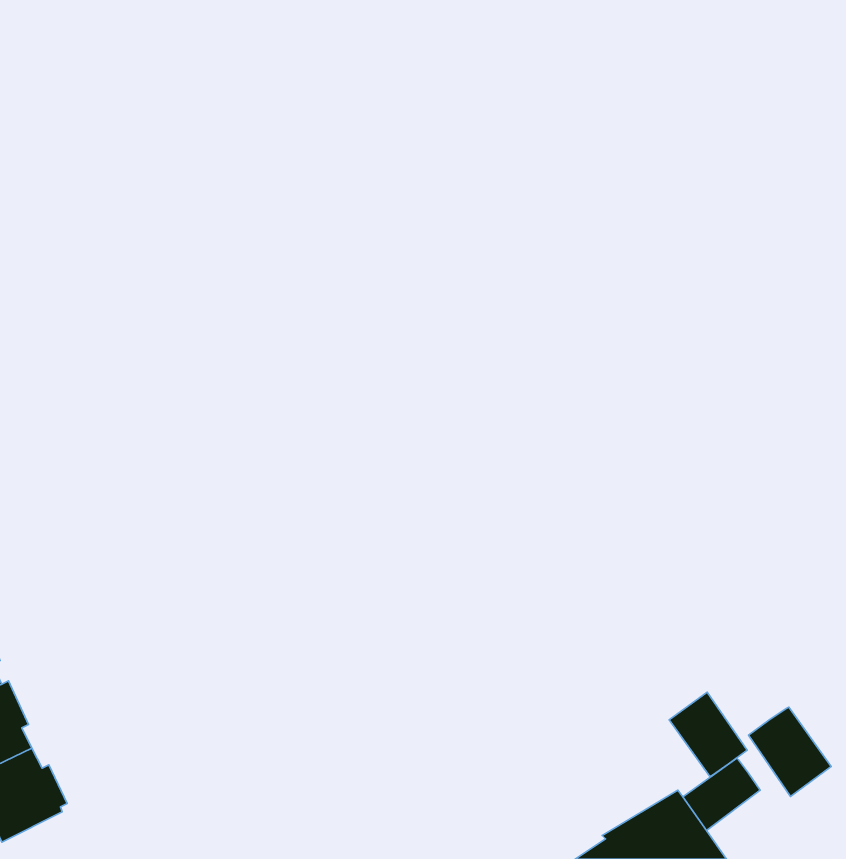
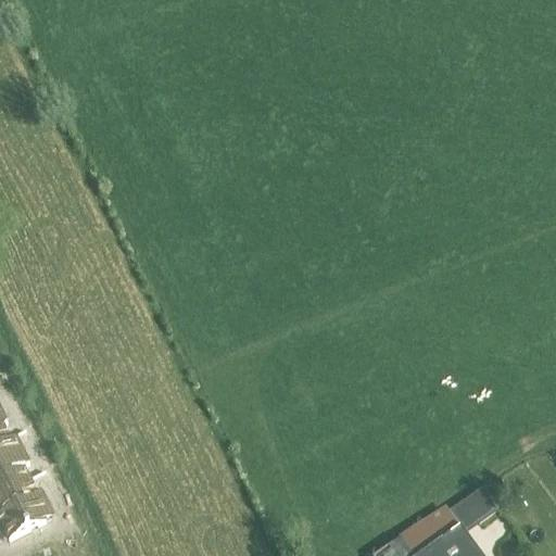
building: [669,692,747,776] -> none
building: [749,707,831,796] -> none

